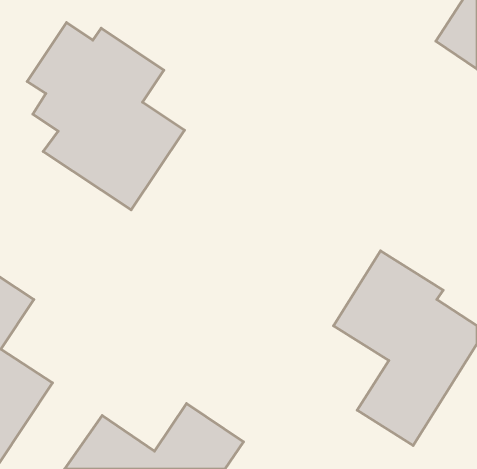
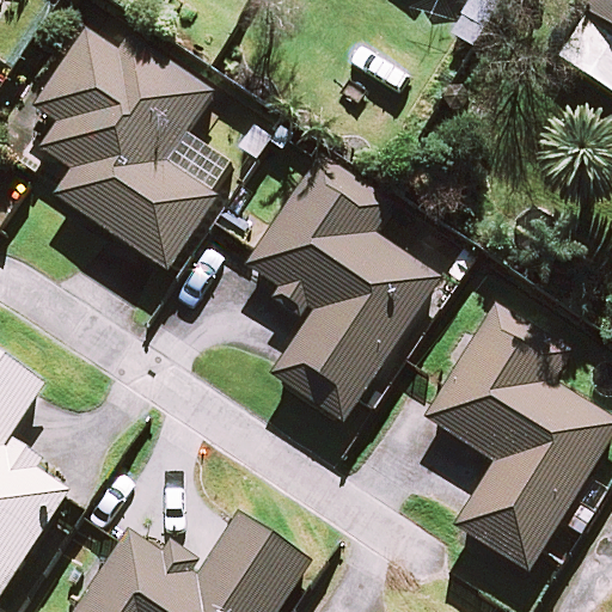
building: none -> [247,154,441,422]

